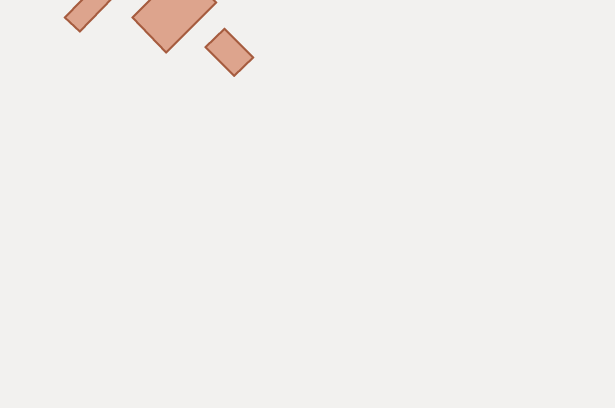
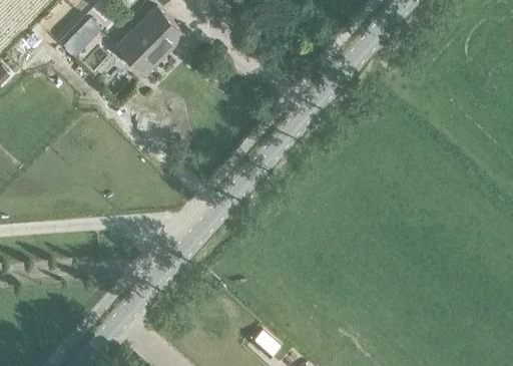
building: [205,29,253,76] -> none

